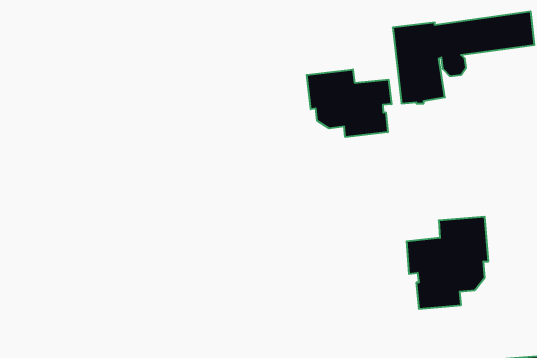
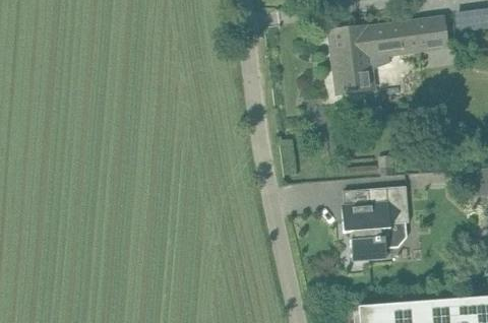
building: [307,69,392,137] -> none

